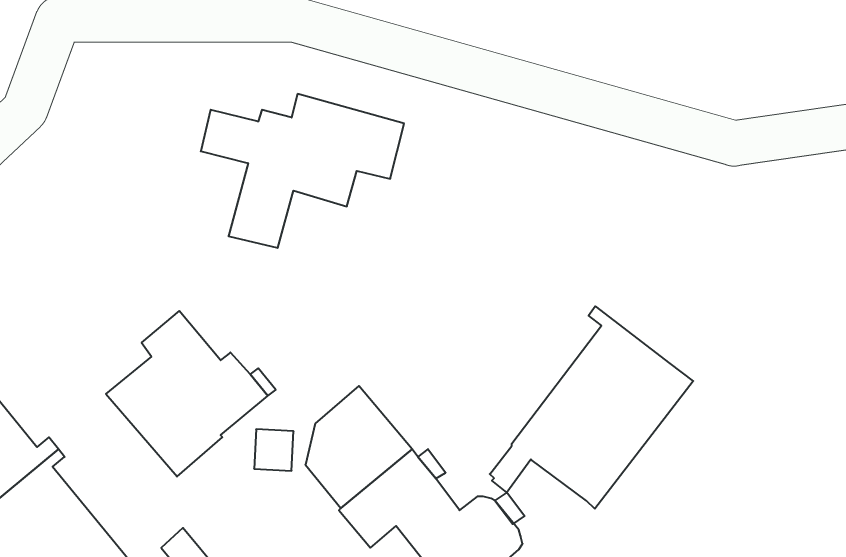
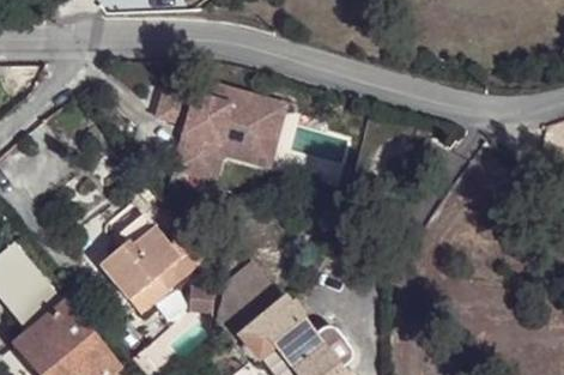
building: none -> [204,102,287,181]
building: [490,306,693,509] -> none

